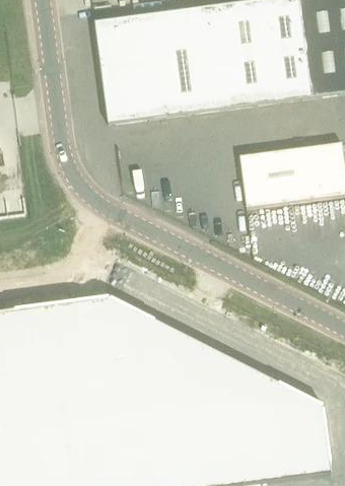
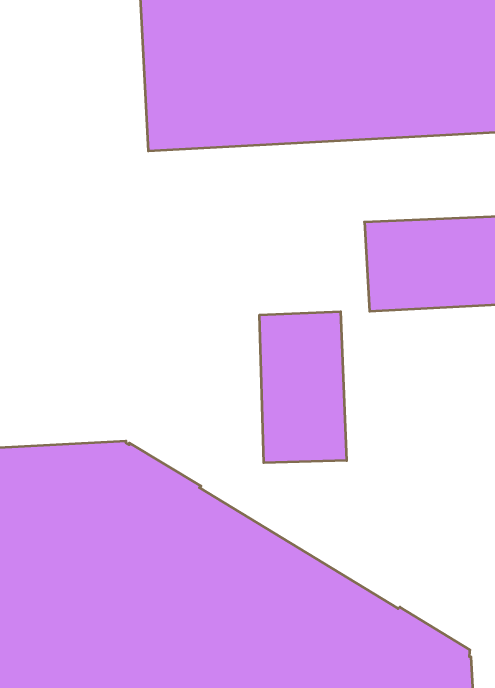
building: none -> [260,312,347,463]

